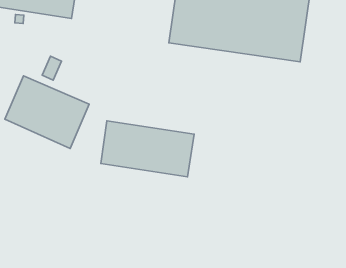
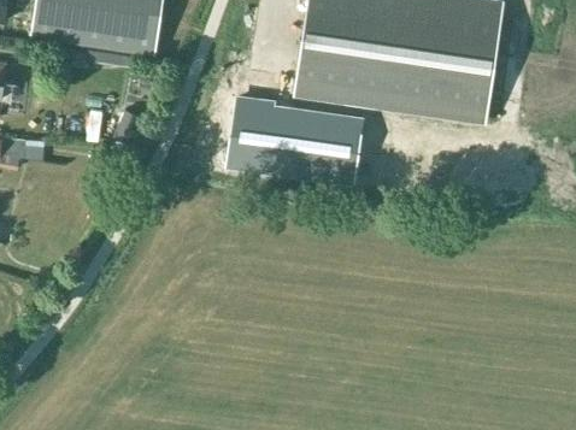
building: [5,76,89,149] -> none
building: [101,121,194,177] -> [227,100,362,181]

